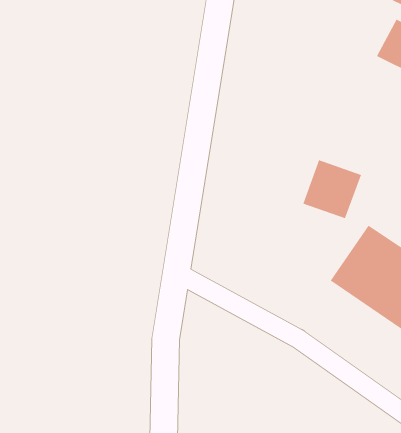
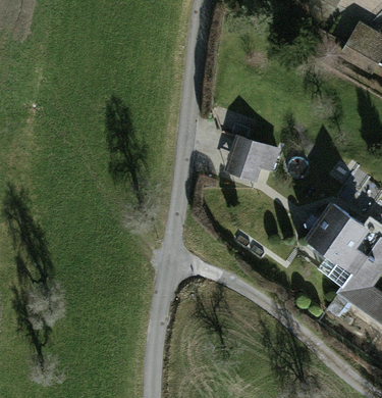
building: [302,160,362,219] -> [226,131,278,183]

